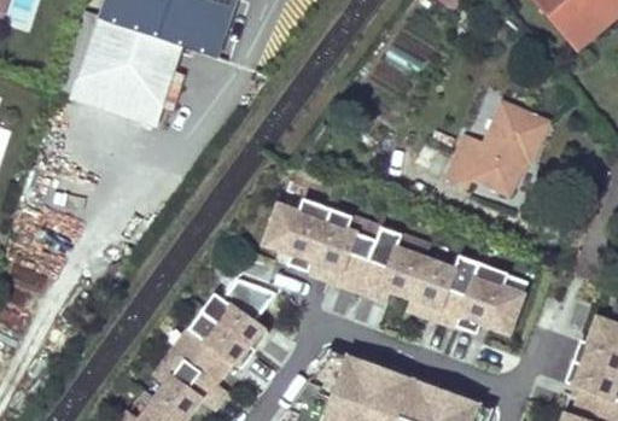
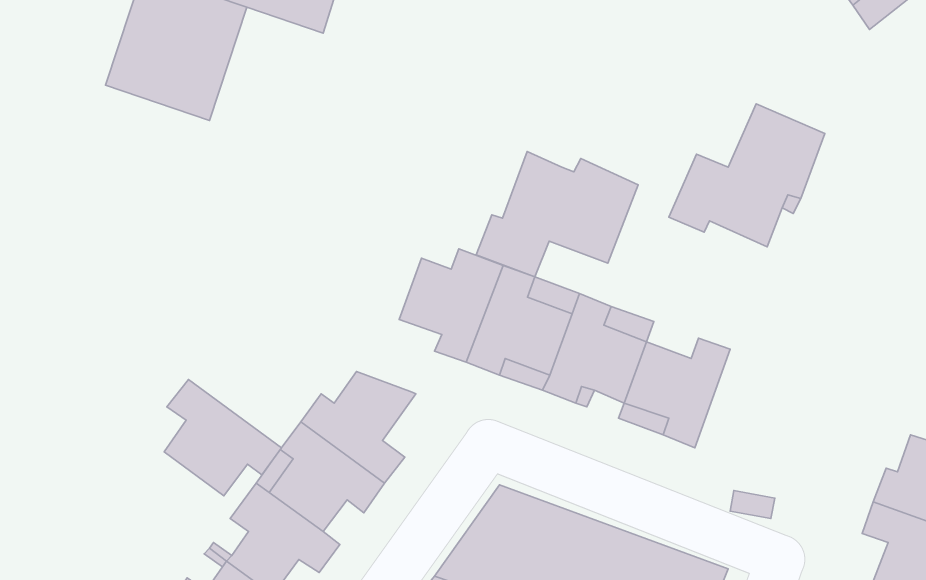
building: none -> [476,152,638,277]
building: [459,262,525,333] -> none
building: none -> [164,379,282,496]

